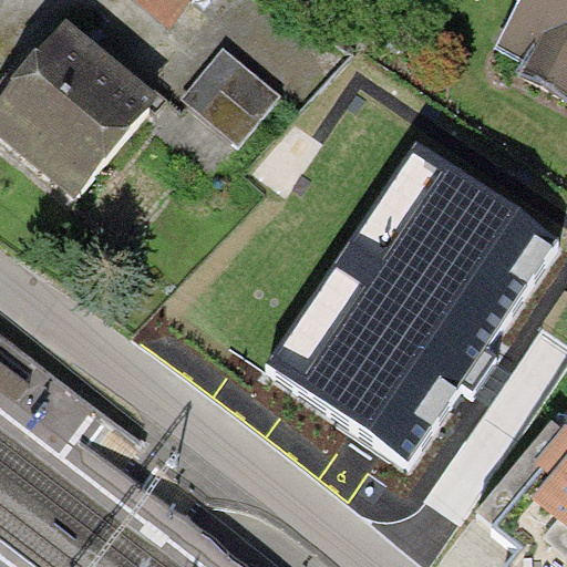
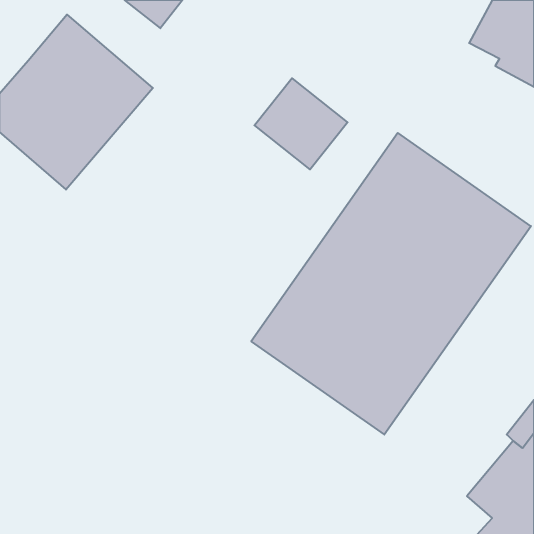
building: [183,50,281,146] -> [254,78,348,169]

